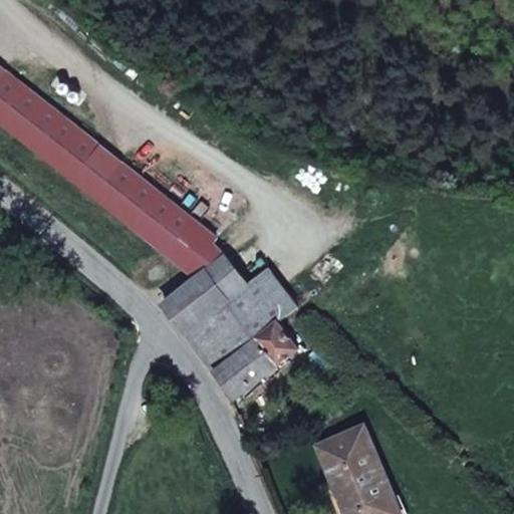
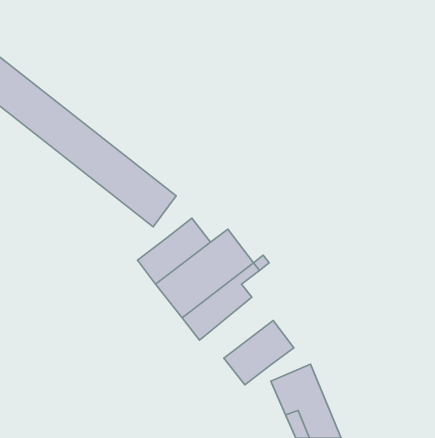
building: [179,229,224,278] -> none
building: none -> [224,320,294,385]

